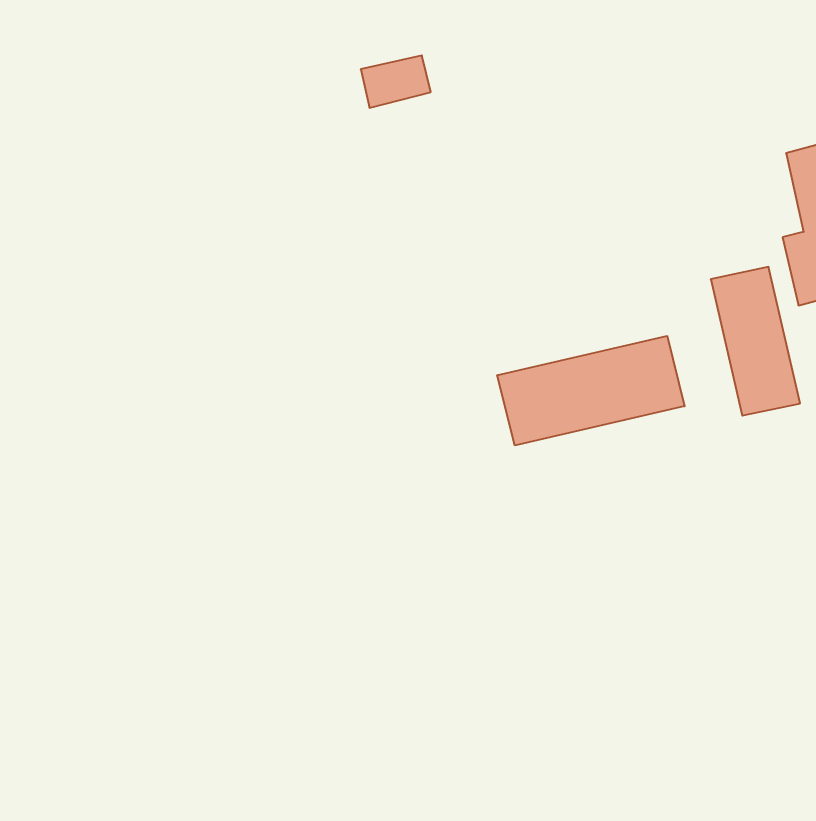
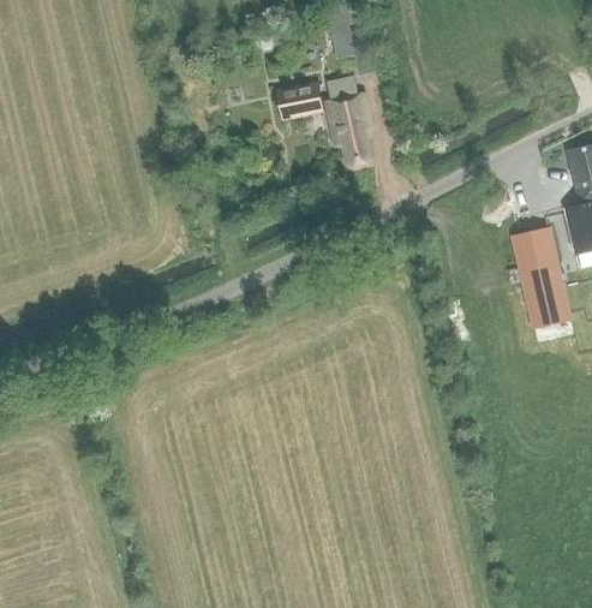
building: none -> [319,89,370,165]
building: [497,336,685,445] -> none

